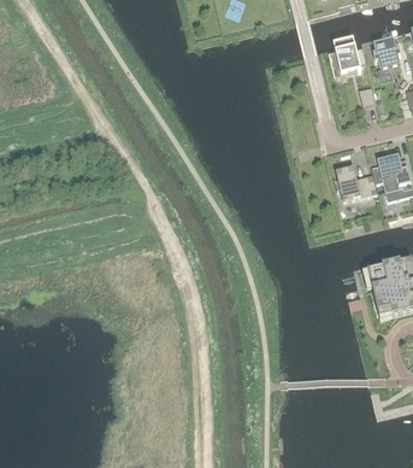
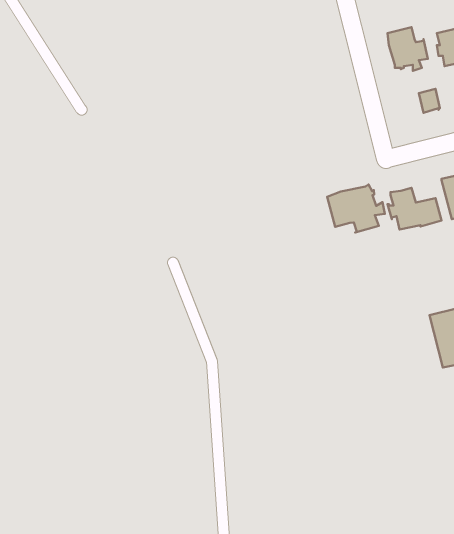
building: none -> [327,185,385,233]

